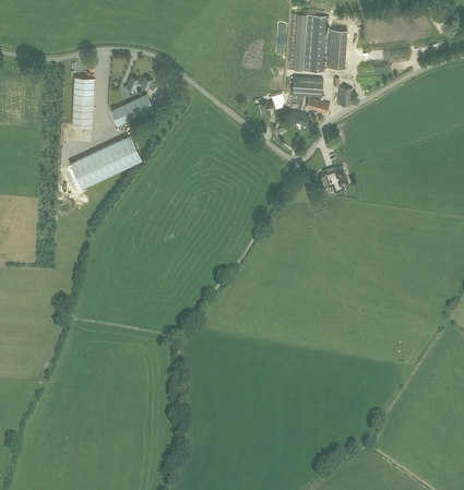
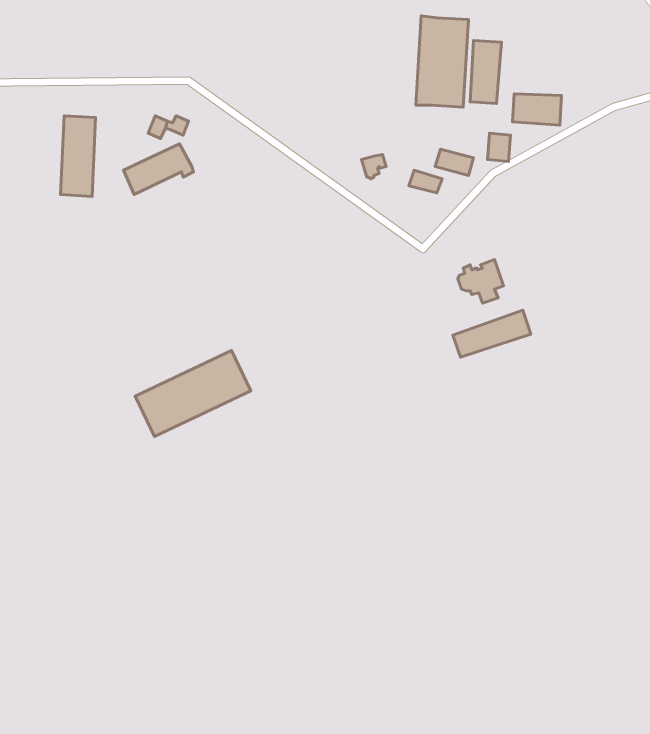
building: [292,76,322,96] -> [513,94,562,125]
building: [69,134,141,188] -> [135,351,251,436]
building: none -> [453,310,531,357]

